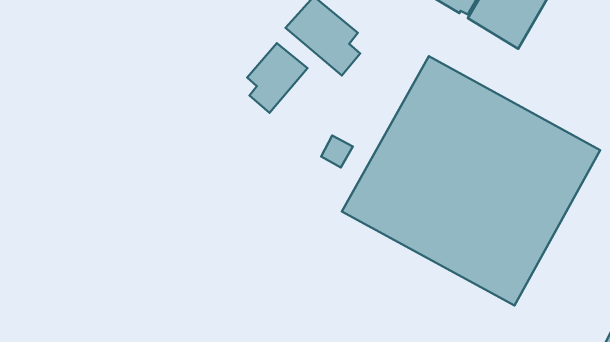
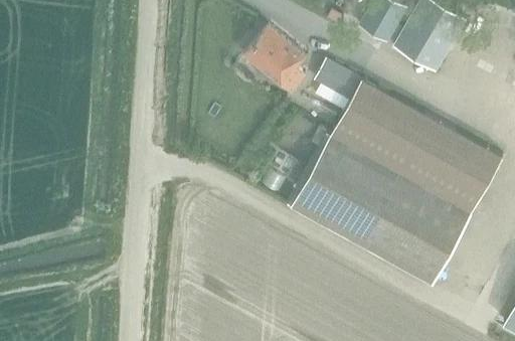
building: none -> [316,60,360,101]
building: [247,43,307,113] -> none

